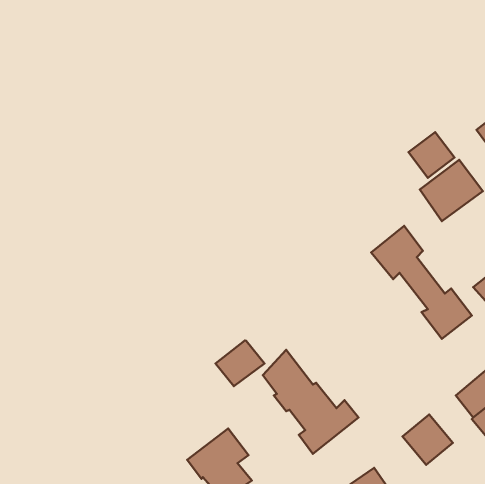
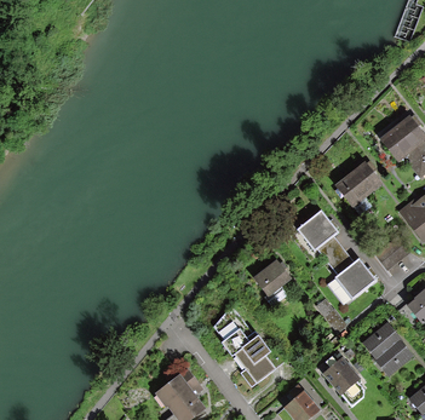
building: [408,132,455,178] -> none
building: none -> [253,260,291,297]
building: [216,340,264,386] -> none

